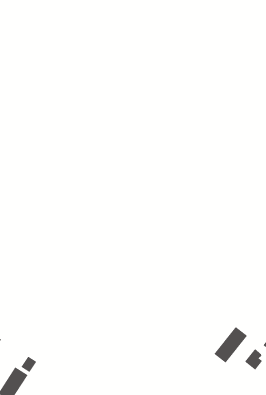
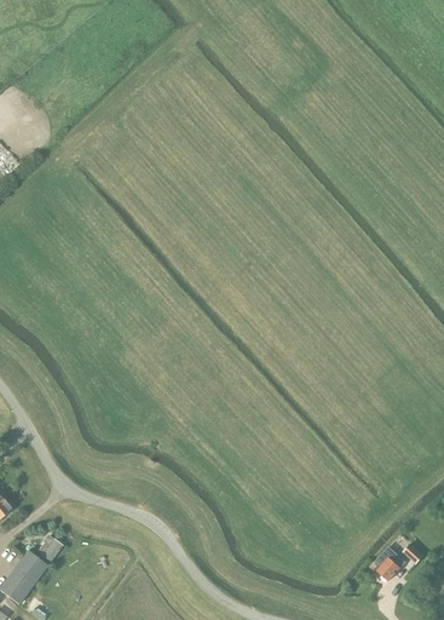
building: [214,326,248,364] -> none

